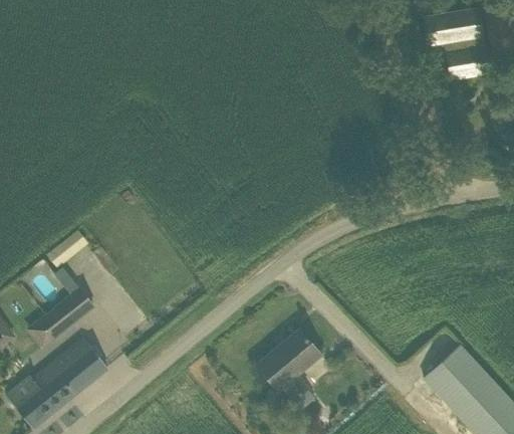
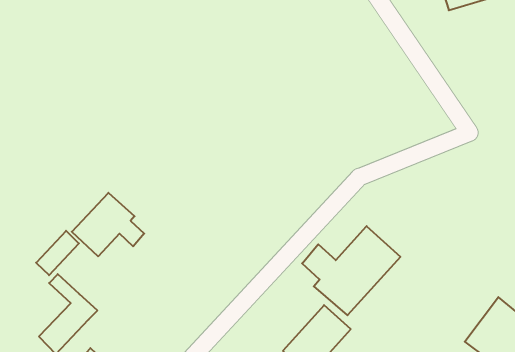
building: none -> [72,193,144,256]
building: none -> [302,226,400,315]

